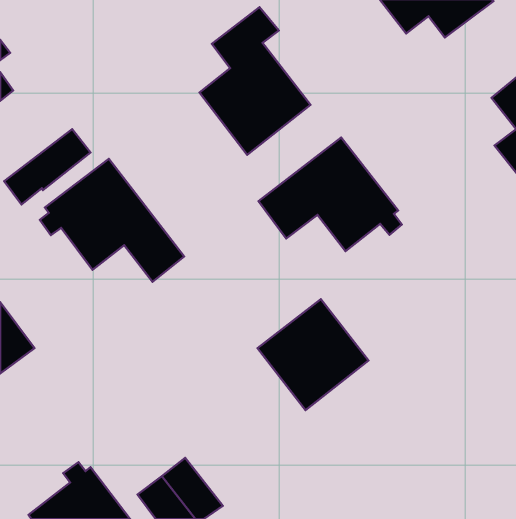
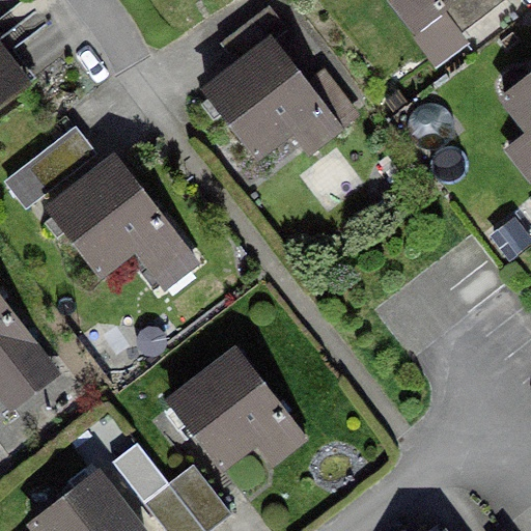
building: [258,137,402,251] -> none
building: [258,299,369,410] -> [172,355,285,468]

